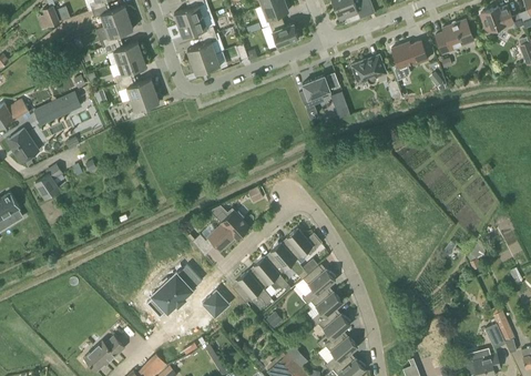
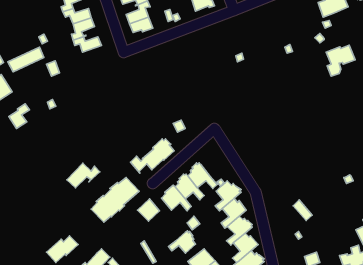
building: [391,40,429,80] -> [326,45,355,76]
building: [351,57,387,83] -> none
building: [299,75,330,119] -> none
building: [130,90,160,120] -> none
building: [284,227,324,260] -> none
building: none -> [67,163,100,188]
building: none -> [169,231,195,253]

